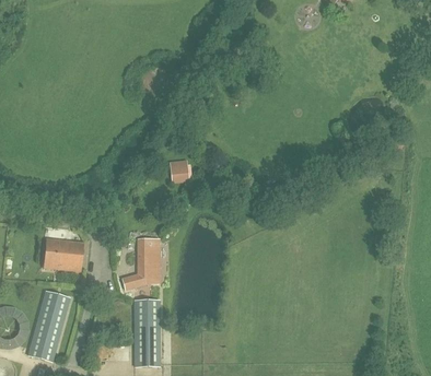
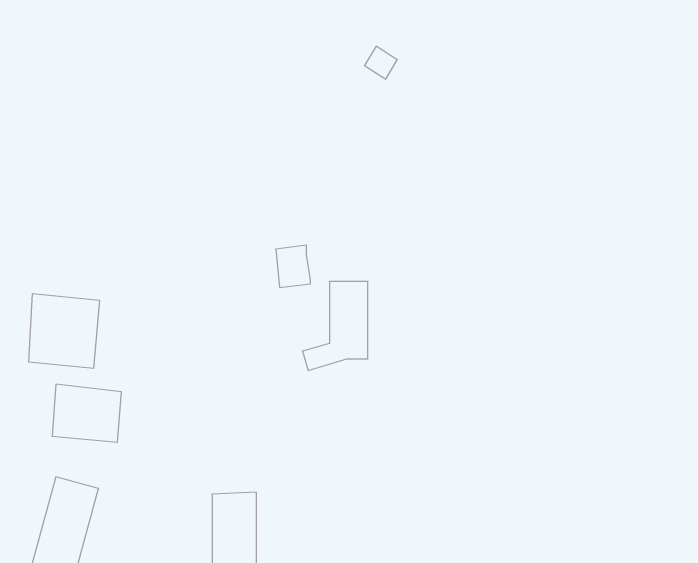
building: none -> [29,294,99,368]
building: [121,239,159,290] -> [302,282,368,370]

